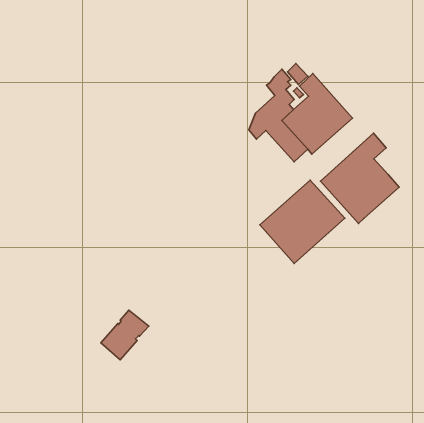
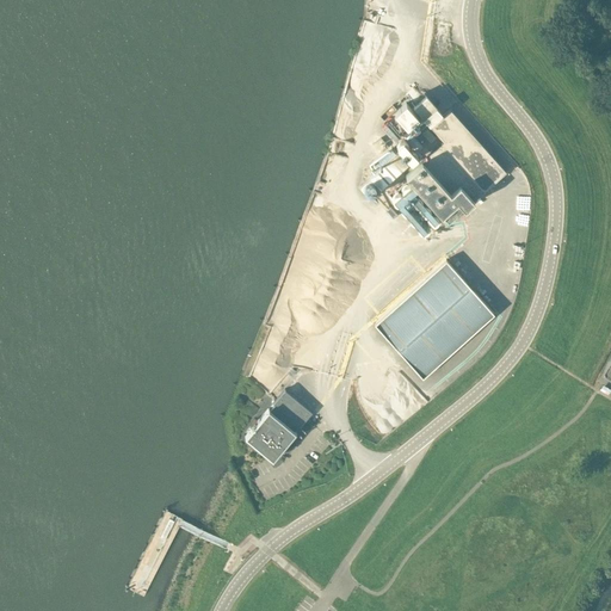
building: [320,133,399,223] -> none
building: [101,310,149,360] -> [247,391,315,462]

